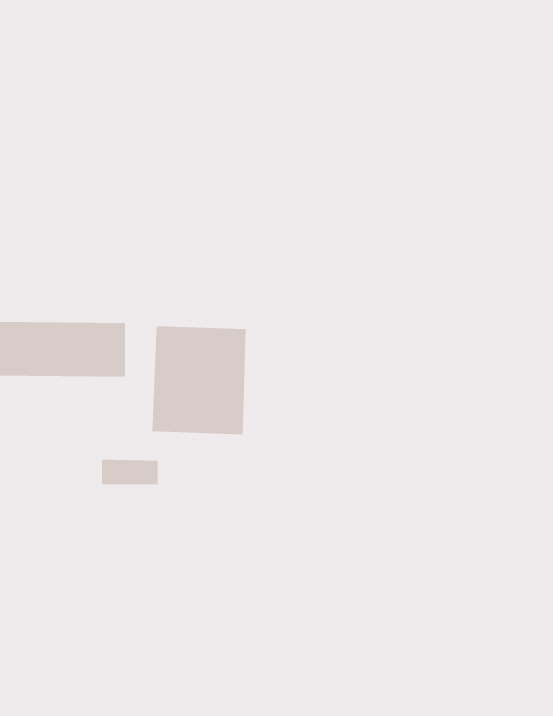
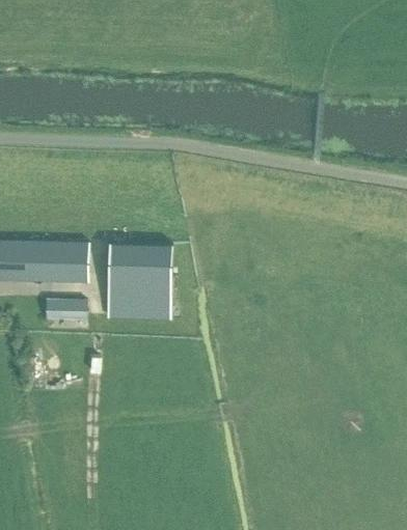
building: [101,459,159,485] -> [47,303,86,320]

